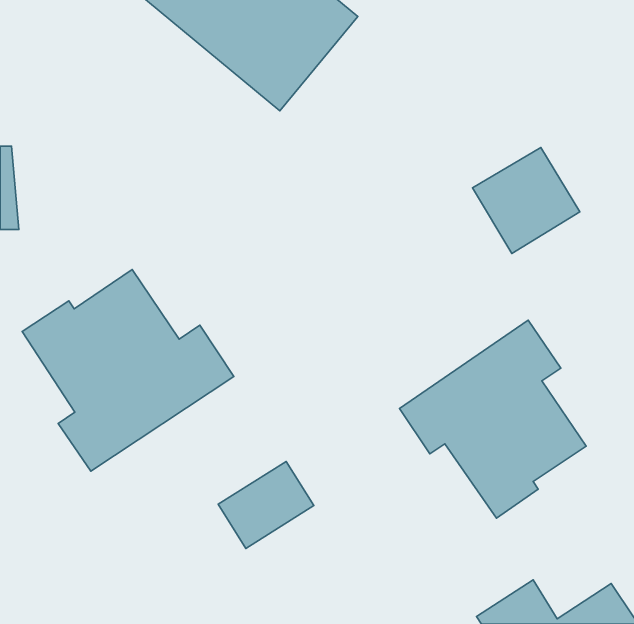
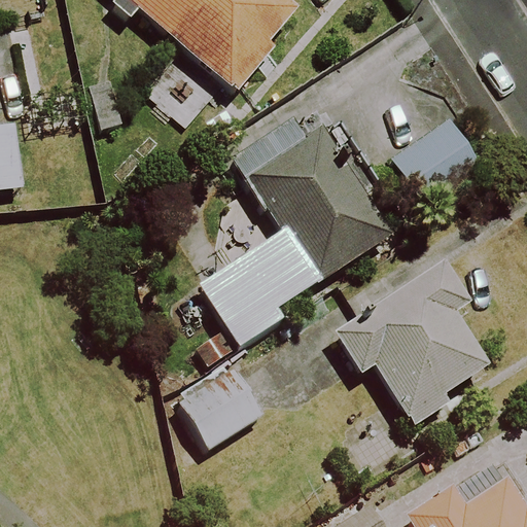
building: none -> [201,109,389,344]
building: [22,270,234,471] -> none

